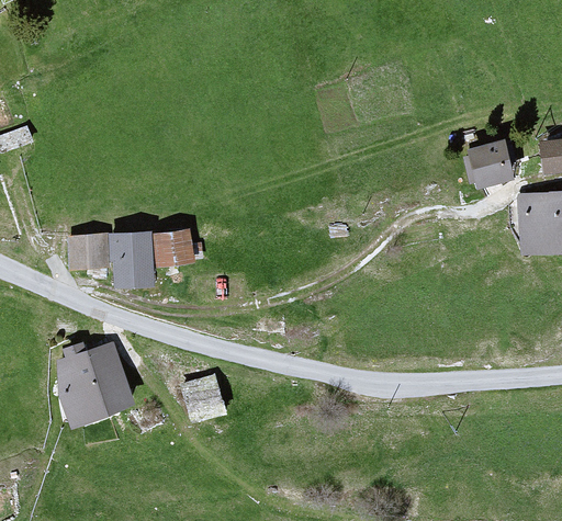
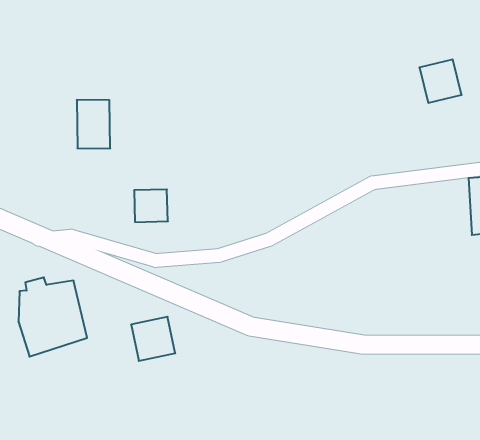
building: [477,139,525,188] -> [419,59,462,103]
building: [123,234,162,287] -> [77,100,110,148]
building: [71,235,114,270] -> none

